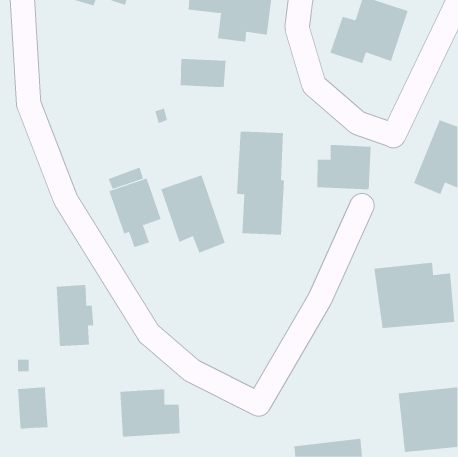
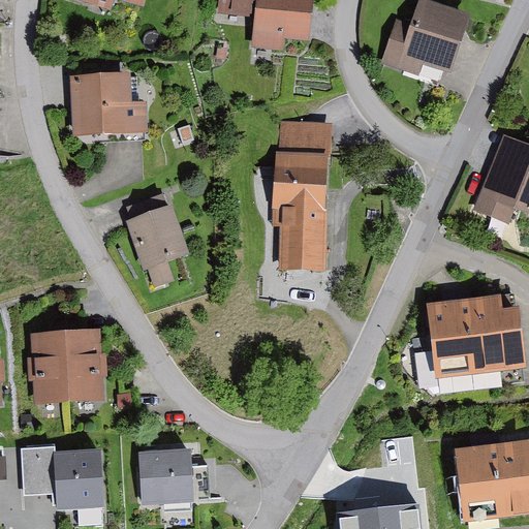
building: [180,59,226,87] -> [279,120,333,153]
building: none -> [70,72,147,133]
building: [317,144,371,190] -> none
building: [160,175,226,254] -> none
building: none -> [27,330,68,401]
building: none -> [53,448,104,505]

